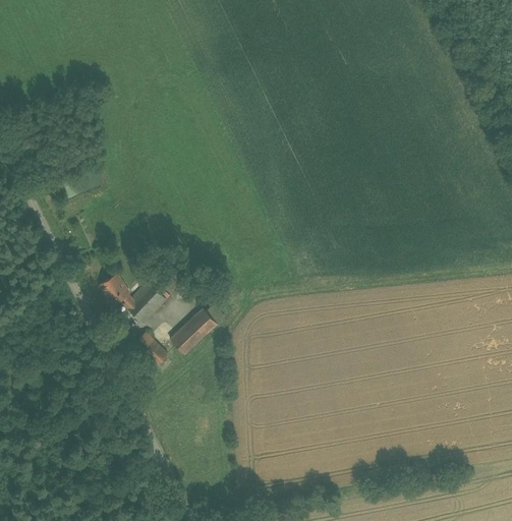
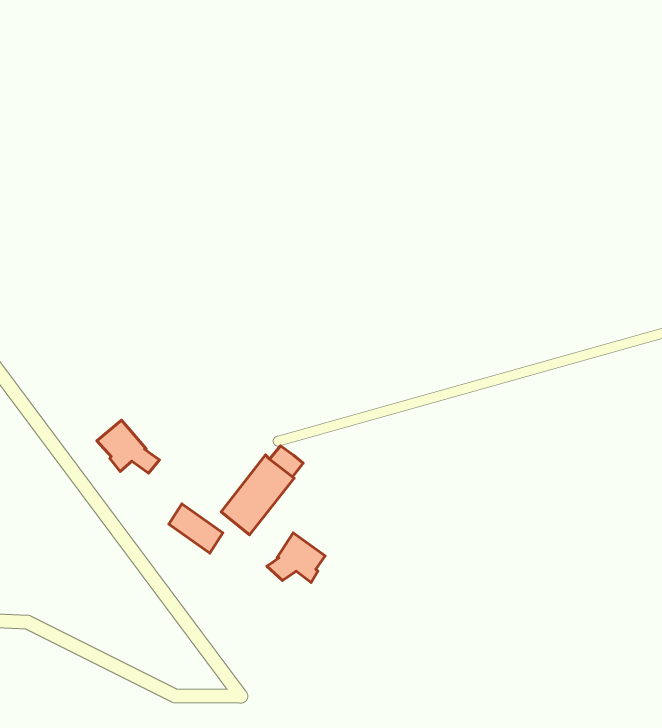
building: [128,281,166,322] -> none
building: none -> [267,533,325,582]

